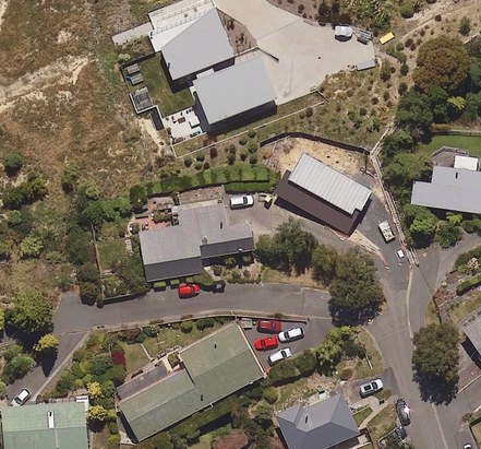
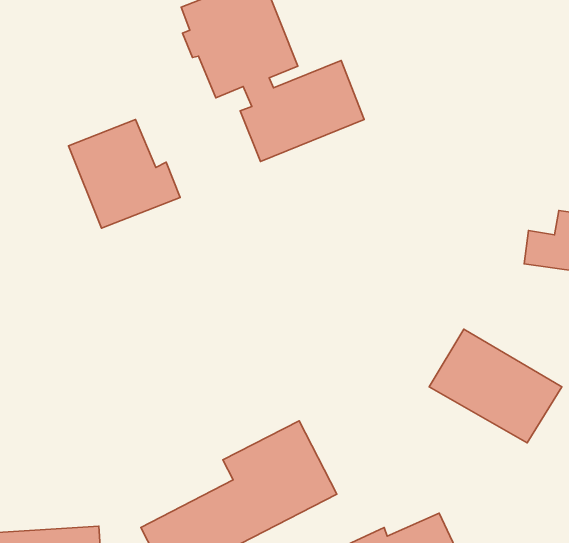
building: none -> [68,119,180,228]
building: [275,146,375,233] -> [429,329,562,443]
building: [137,203,255,282] -> none

